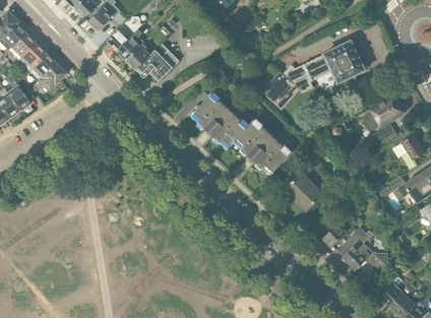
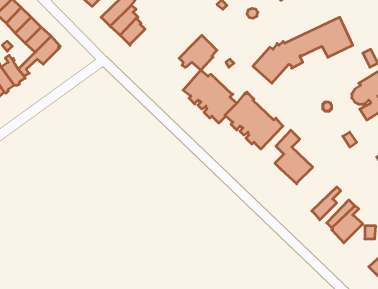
building: [138,44,177,79] -> [179,35,217,70]

